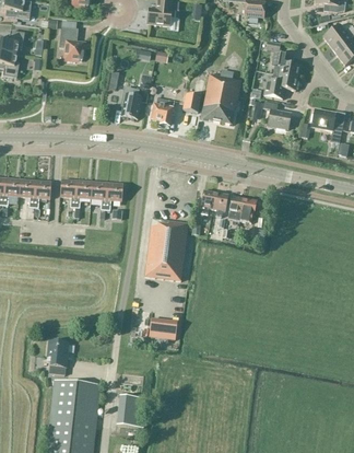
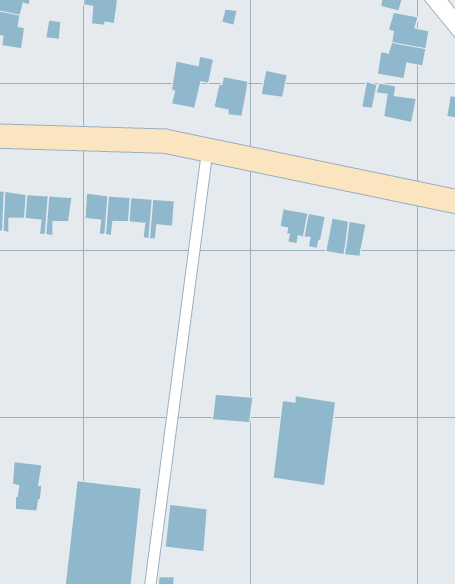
building: [201,73,243,124] -> none
building: [145,220,189,282] -> [273,396,336,486]
building: [48,340,69,374] -> [12,462,42,511]

